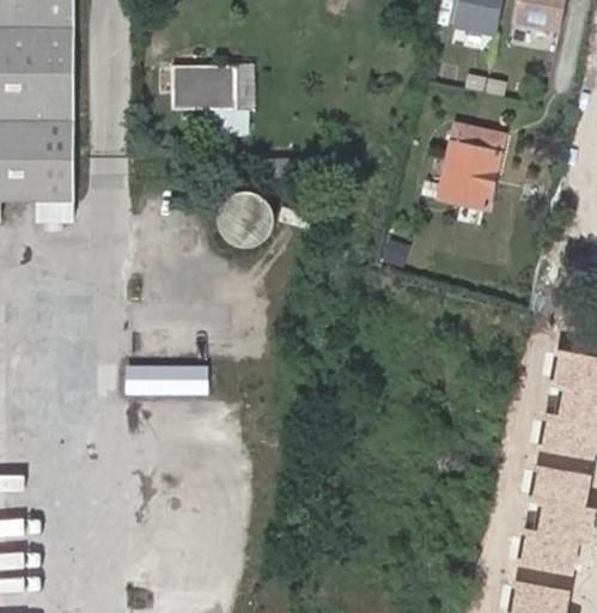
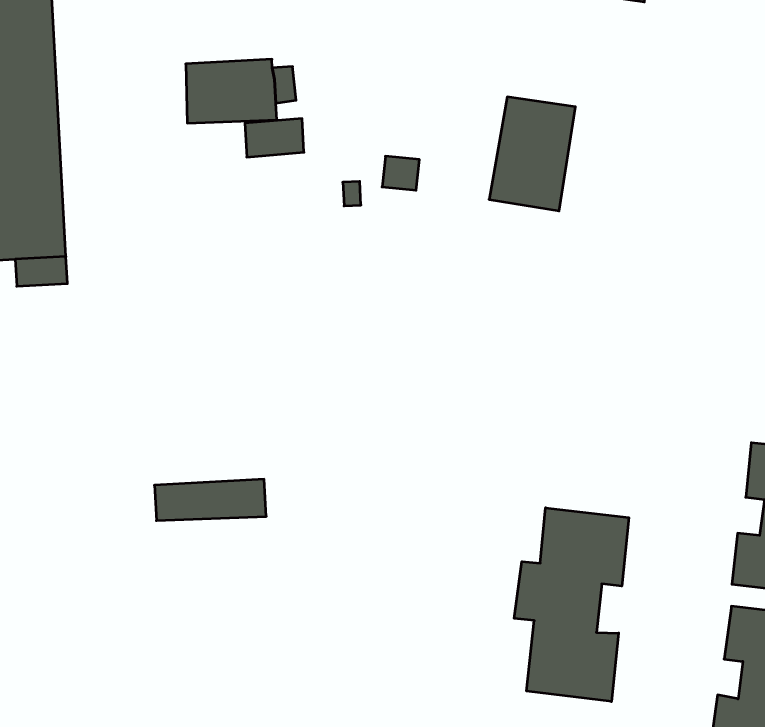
building: [435,129,500,212] -> [489,97,575,211]
building: [223,188,276,242] -> none
building: none -> [514,508,629,702]

